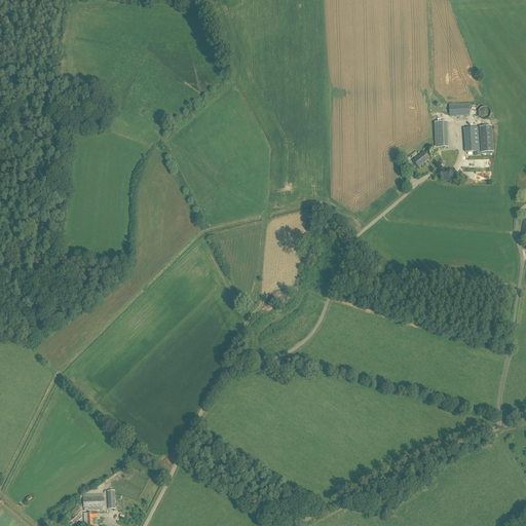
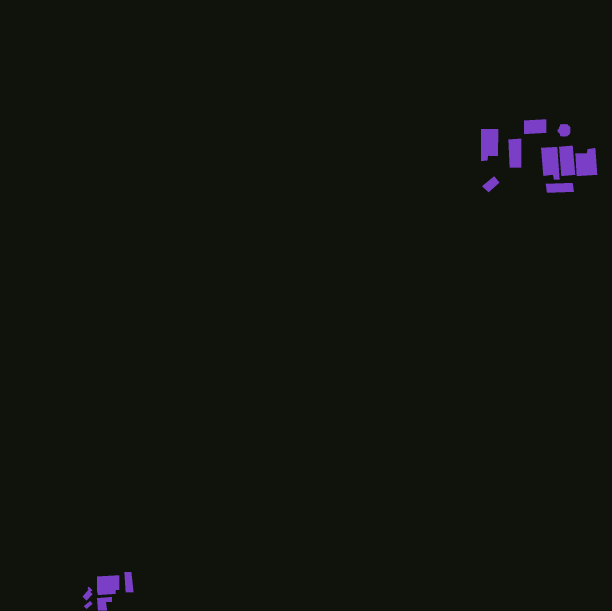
building: none -> [481,128,499,162]
building: none -> [575,147,598,177]

